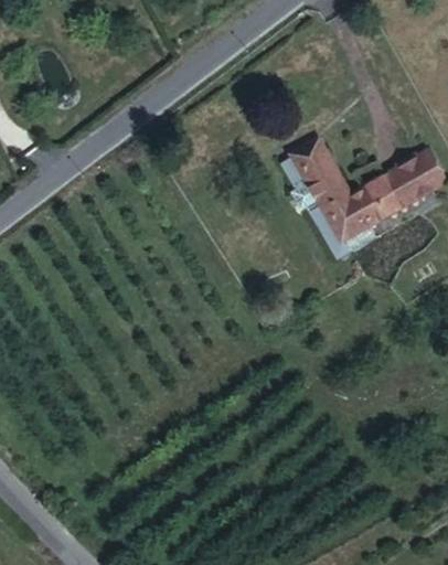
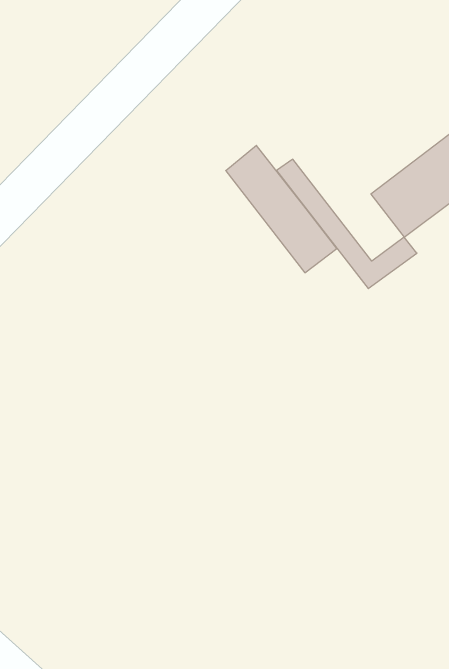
building: [297,140,371,239] -> [226,145,337,273]

